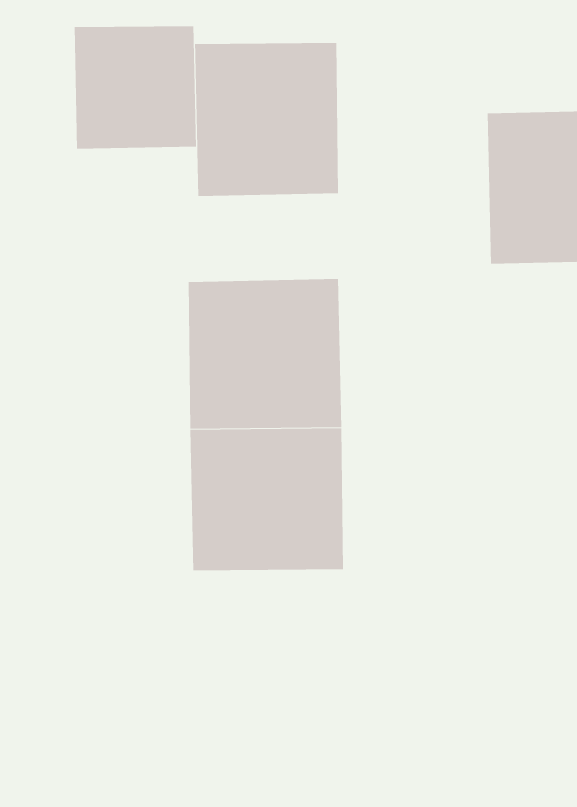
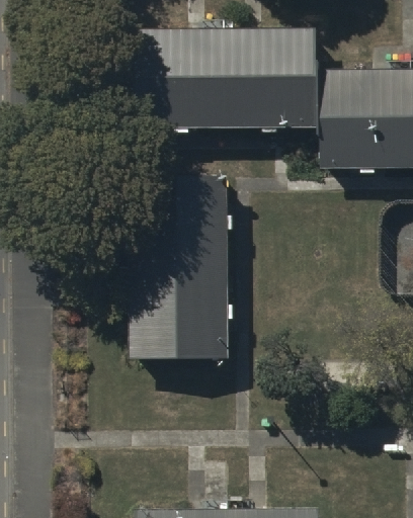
building: [74,25,196,149] -> none
building: none -> [226,27,321,124]

